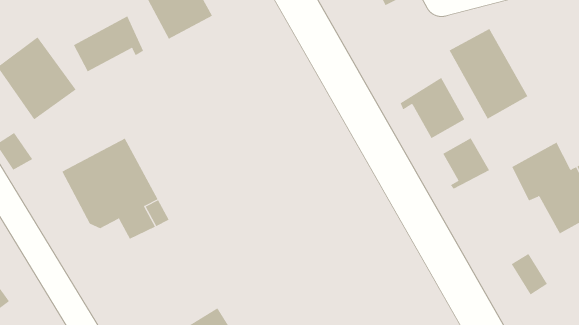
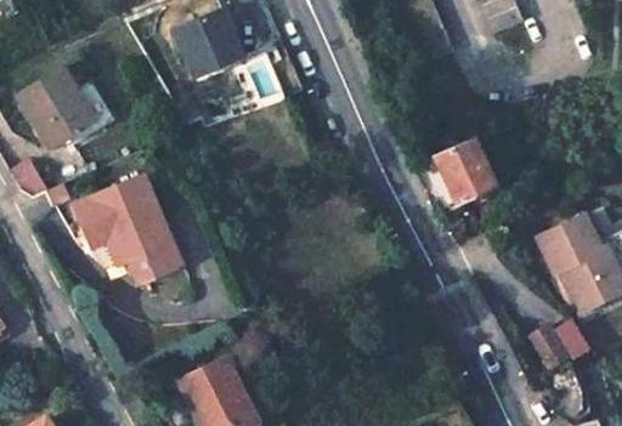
building: [73,16,144,72] -> none
building: [449,28,528,120] -> none
building: [443,138,490,190] -> none

